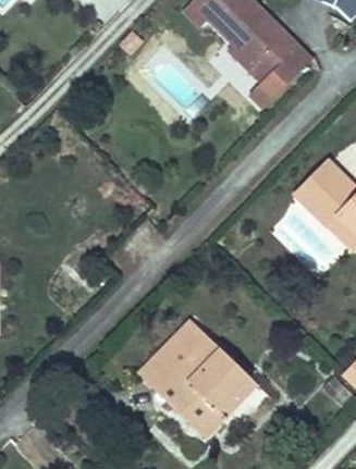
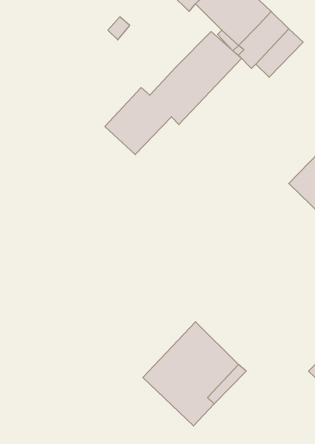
building: none -> [105,32,241,155]
building: [136,320,206,391] -> none

